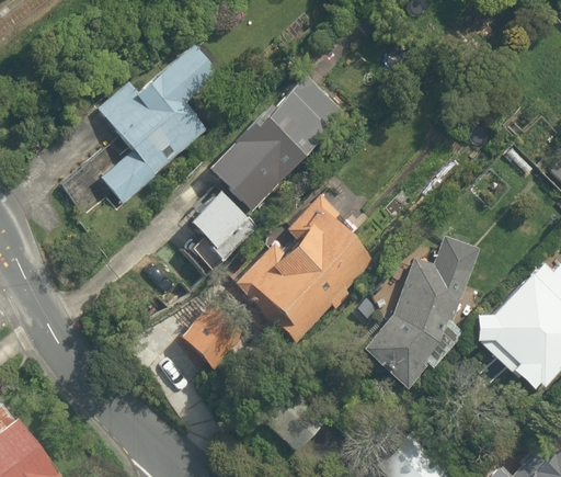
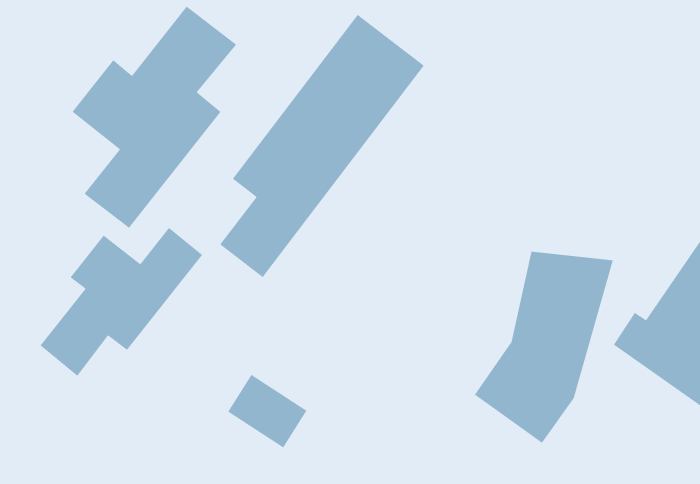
building: [230,188,382,347] -> none
building: none -> [39,227,203,377]

